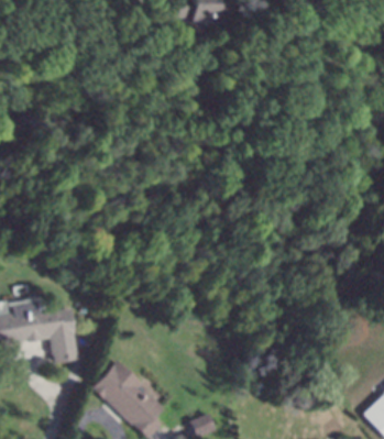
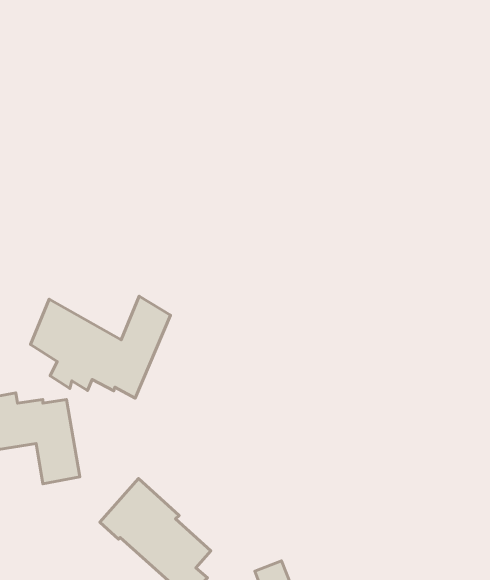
building: none -> [30,296,171,398]

